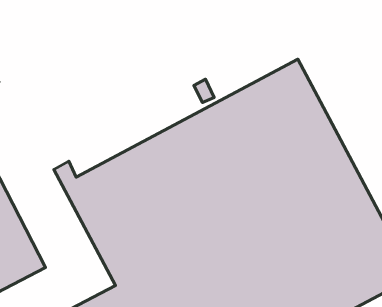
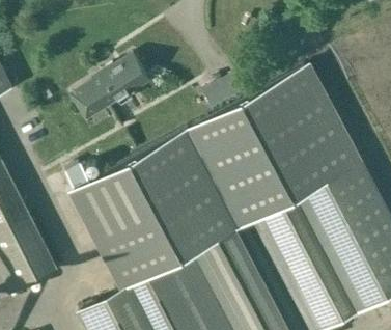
building: none -> [72,56,149,121]

